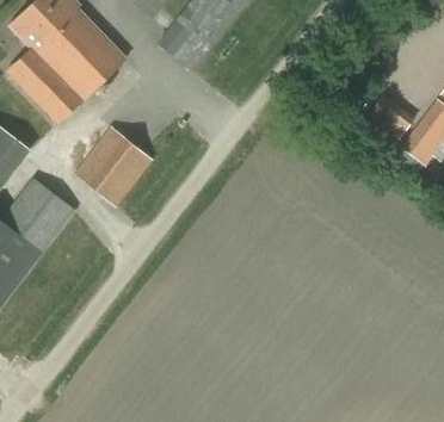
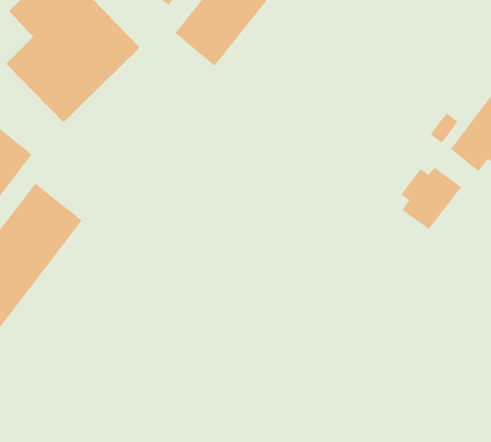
building: [72,125,153,207] -> none
building: none -> [401,167,462,230]

